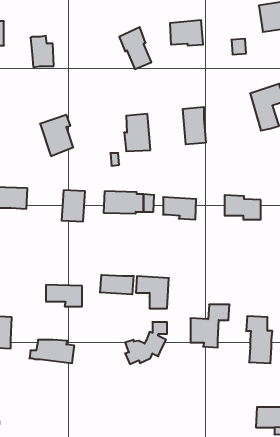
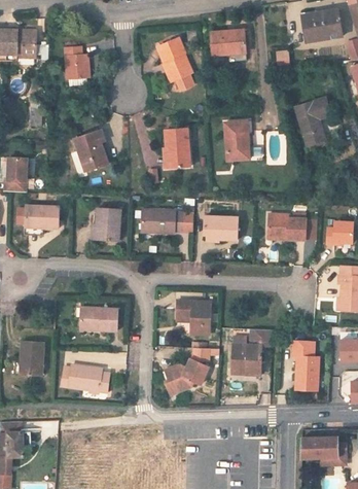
building: [100,275,134,294] -> none

